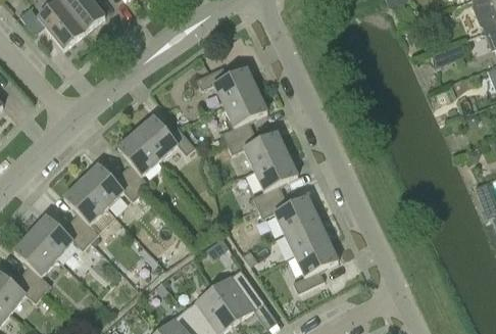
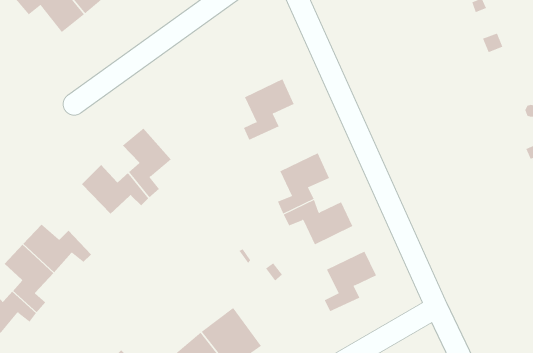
building: [190,60,256,105] -> none
building: [135,115,195,159] -> none
building: [227,131,287,170] -> none
building: [63,181,106,242] -> none
building: [284,218,328,255] -> none
building: [213,269,264,322] -> none

